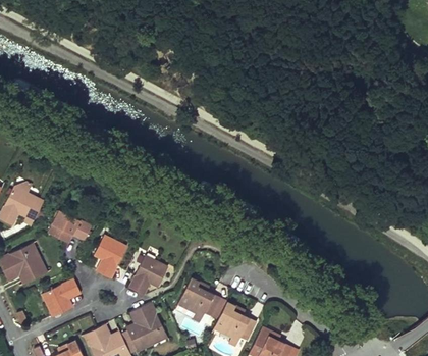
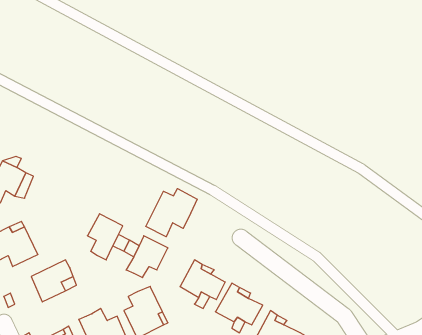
building: [48,211,91,244] -> none
building: none -> [146,189,197,237]

